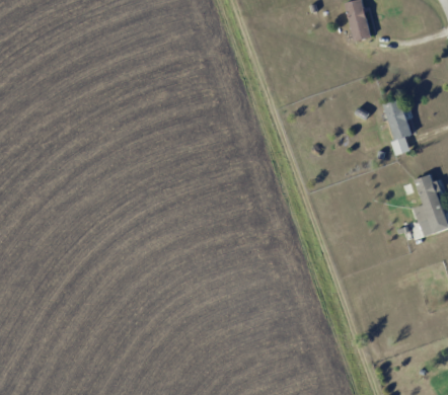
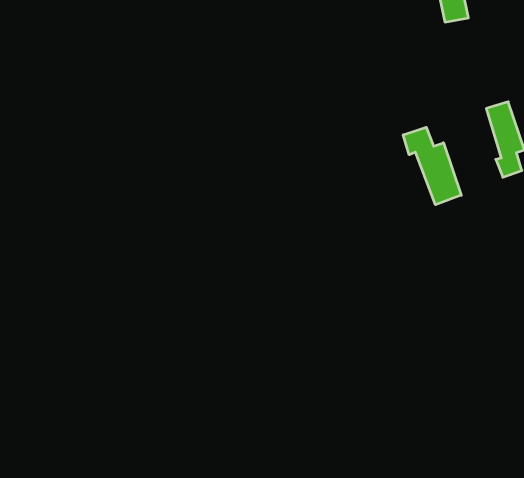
building: none -> [403,127,461,205]

